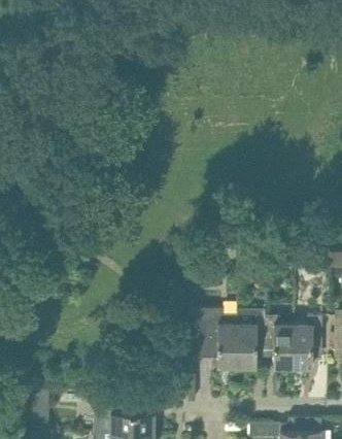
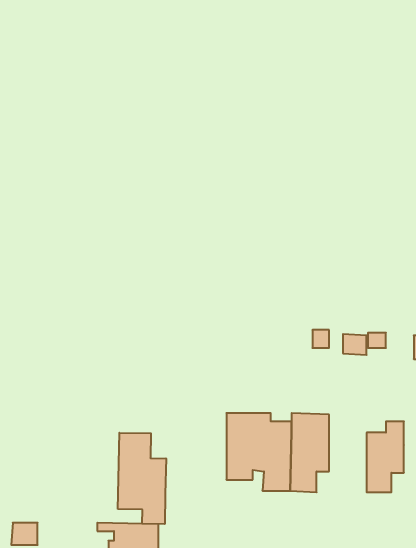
building: [266,316,294,370] -> none
building: none -> [118,433,166,524]

